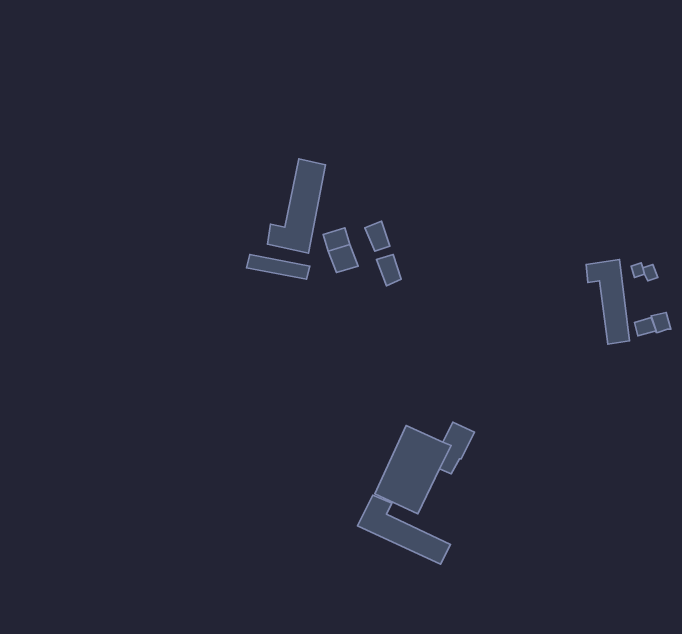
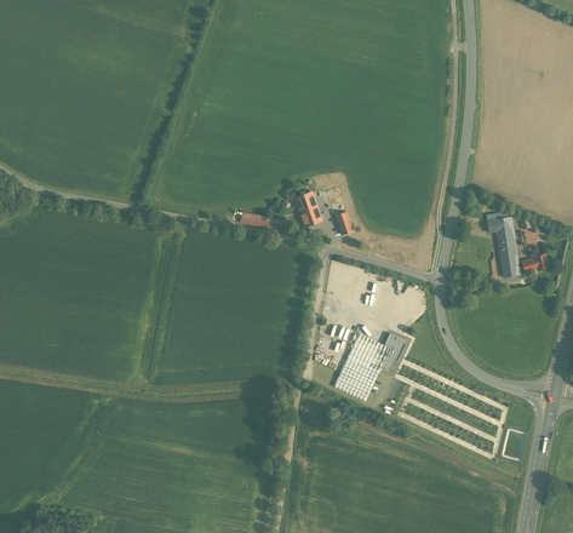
building: [267,159,326,253] -> none
building: [358,495,451,564] -> none

